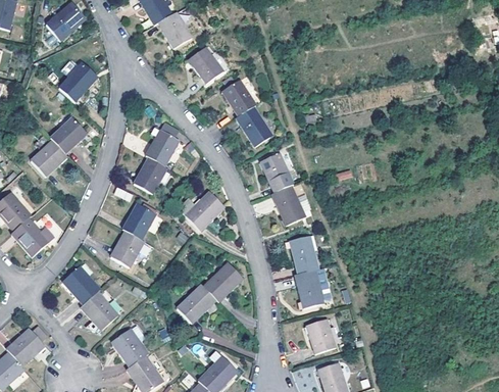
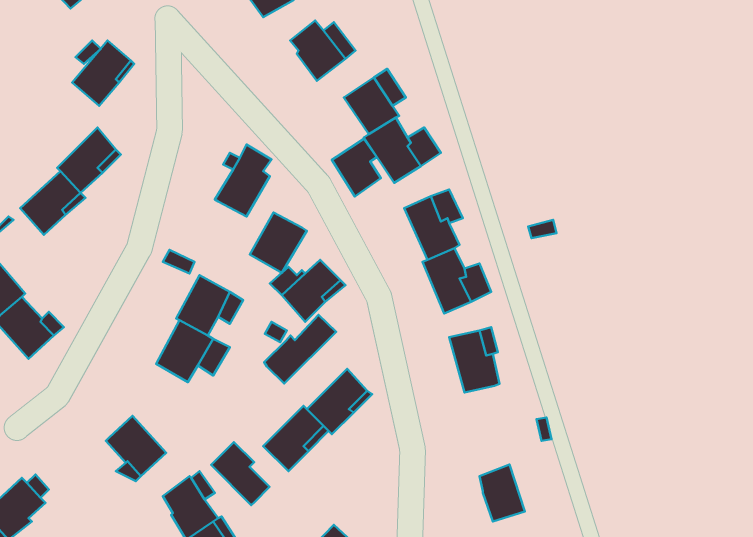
building: none -> [332,139,381,197]
building: [134,159,168,196] -> [250,212,307,273]
building: none -> [264,315,336,383]
building: [61,266,99,303] -> none
building: [295,272,320,309] -> none
building: none -> [211,442,270,505]

